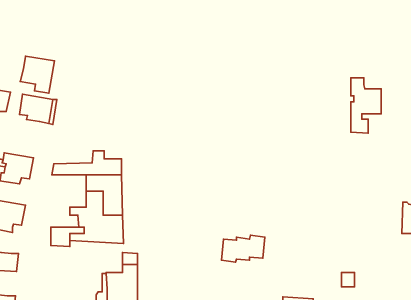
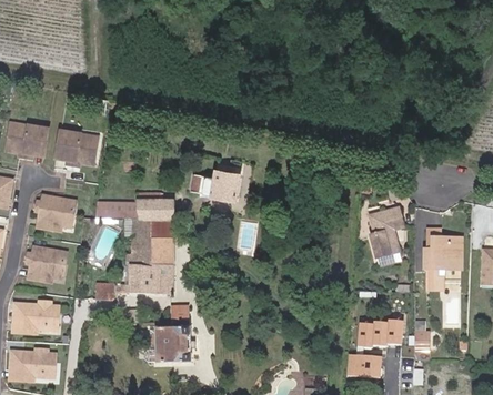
building: [20,56,54,93] -> none
building: [351,78,381,133] -> [424,225,457,286]
building: none -> [190,169,239,198]
building: none -> [366,206,401,255]
building: [221,235,265,262] -> [356,317,404,347]

